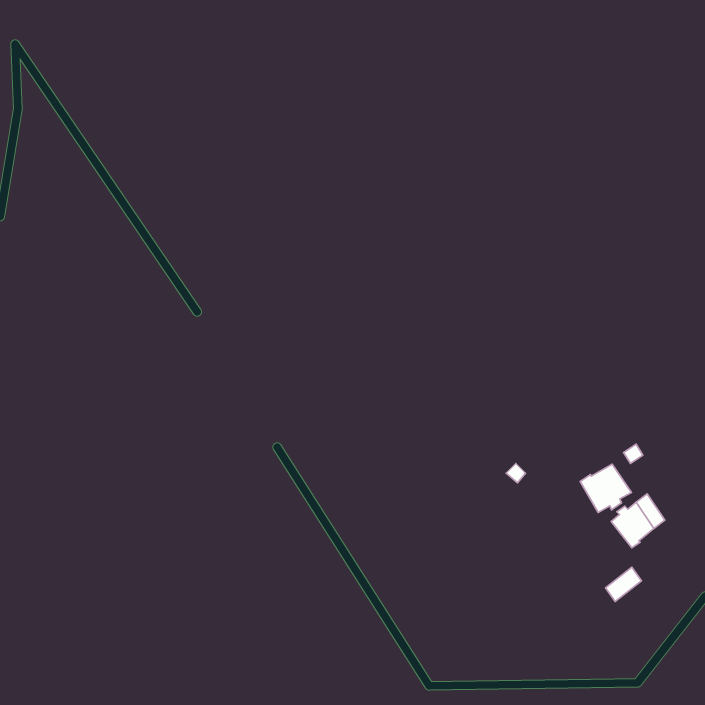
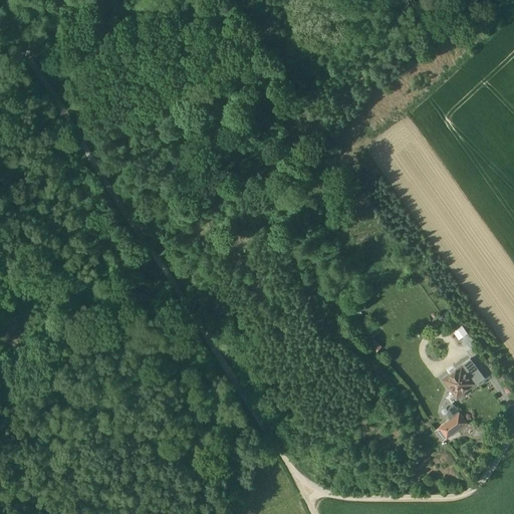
building: [580,464,631,513] -> none

